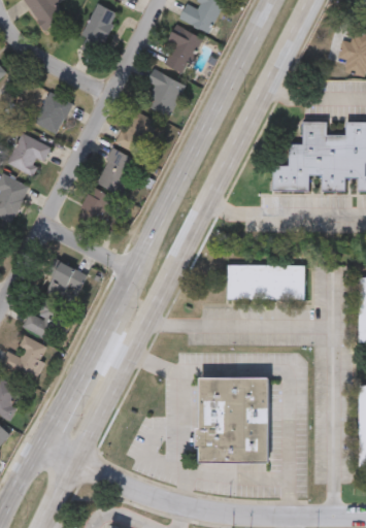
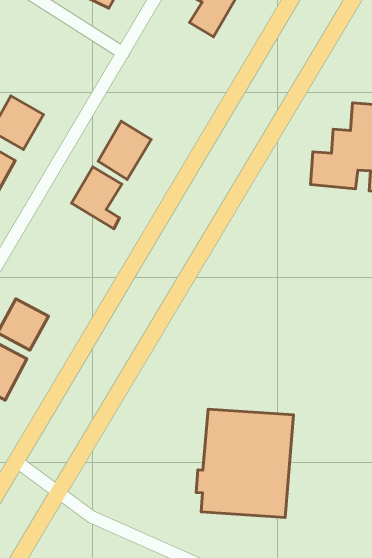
building: [137,70,184,117] -> none
building: [33,92,72,133] -> none
building: [113,109,157,156] -> none
building: [45,258,79,301] -> none
building: [227,263,304,298] -> none

